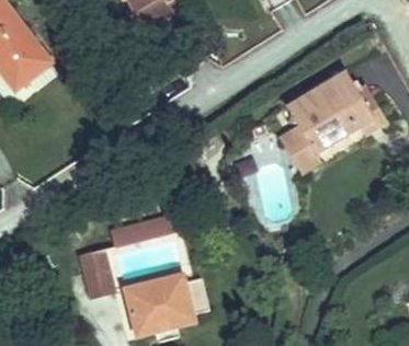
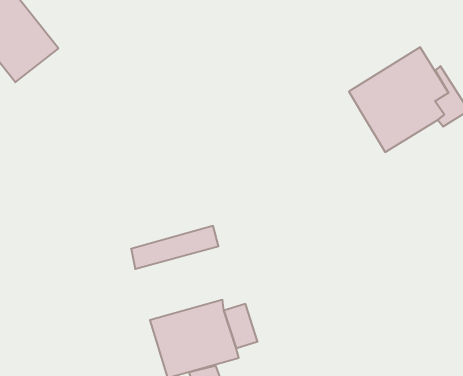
building: [276,120,319,170] -> none
building: [77,247,113,298] -> none

